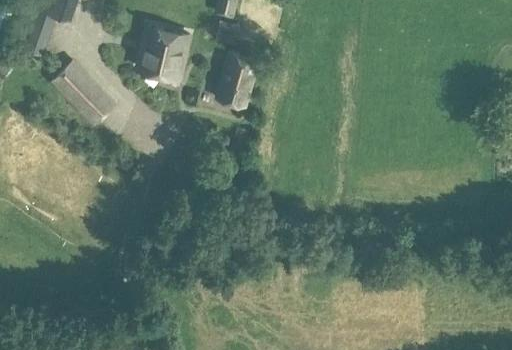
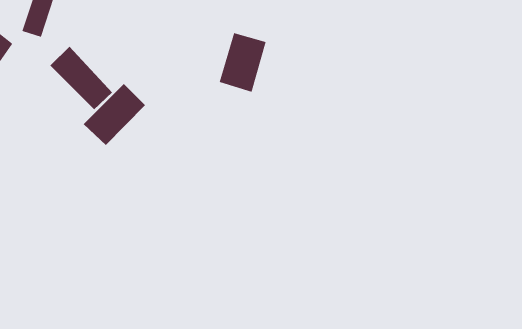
building: [136,27,188,79] -> none
building: none -> [83,83,146,146]

